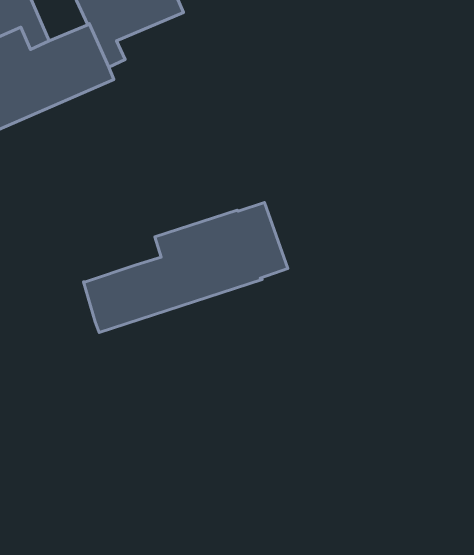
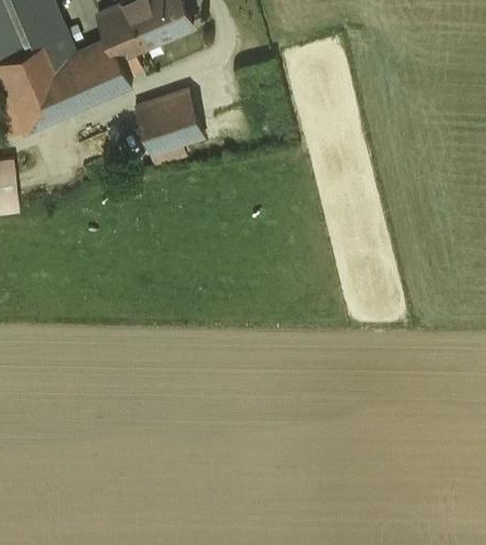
building: none -> [132,88,202,153]
building: [83,202,288,333] -> none

